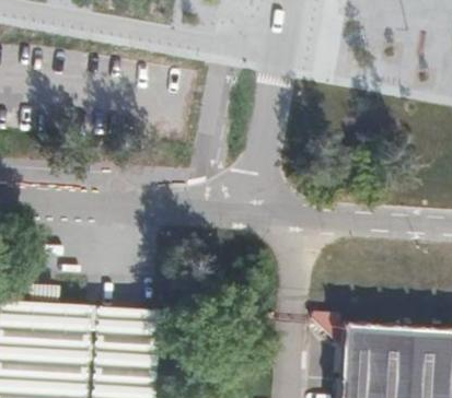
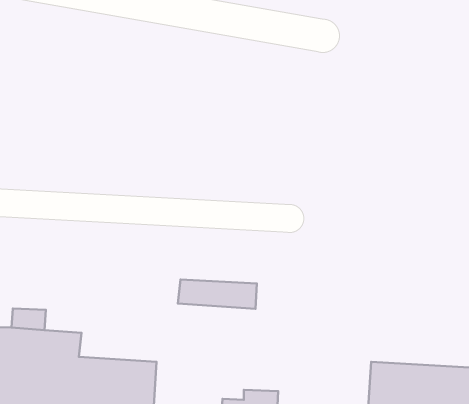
building: [90,312,158,337] -> [178,280,257,309]

